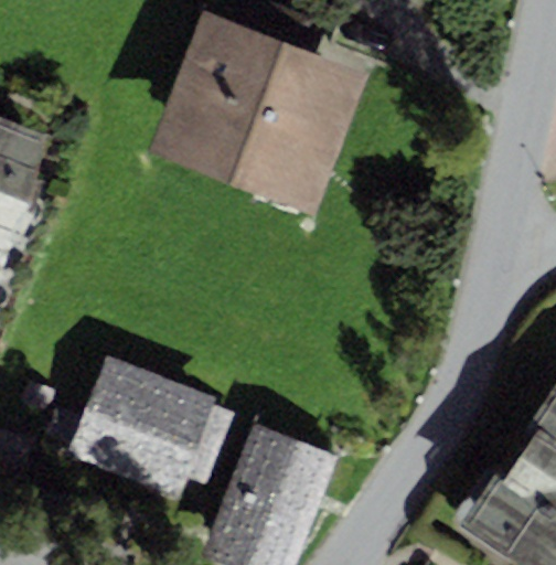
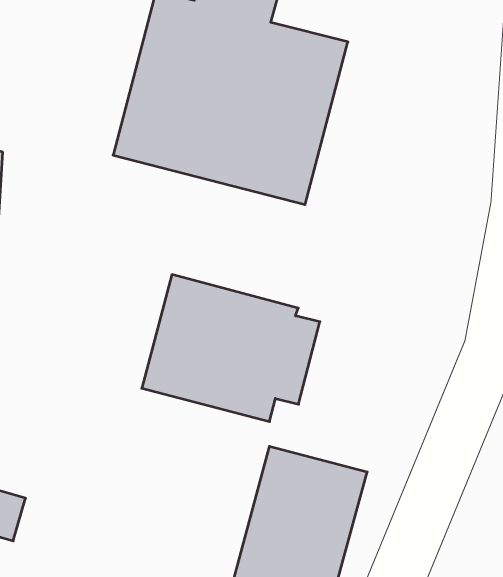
building: [70,356,234,497] -> [142,275,320,422]

